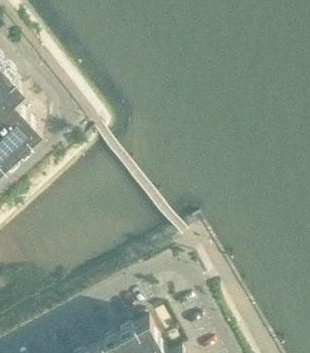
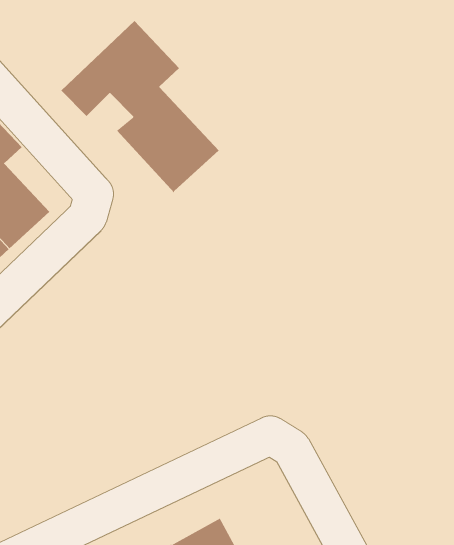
building: none -> [60,20,220,193]

